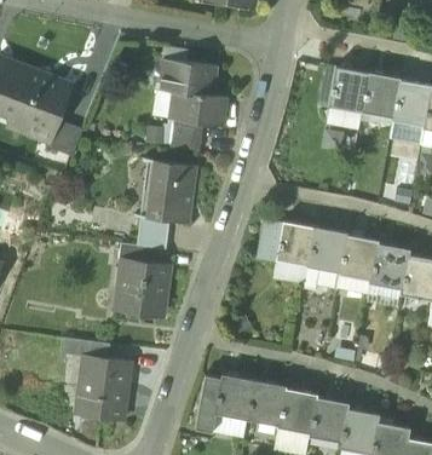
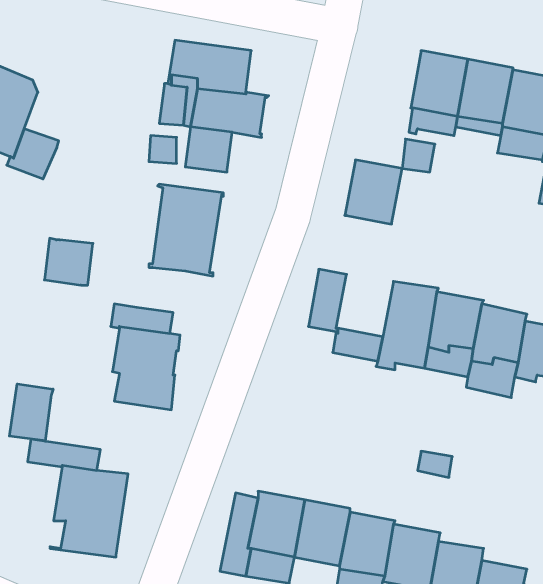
building: [137,215,171,248] -> [44,238,93,285]
building: [276,220,316,265] -> [345,160,402,224]
building: none -> [9,384,53,441]

